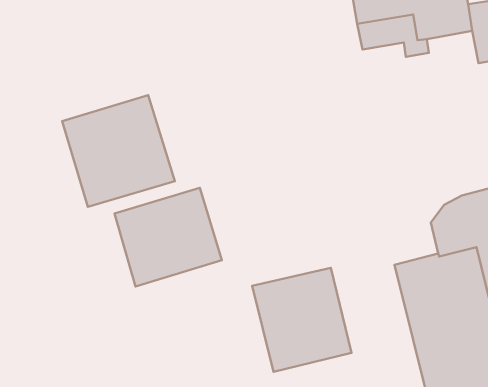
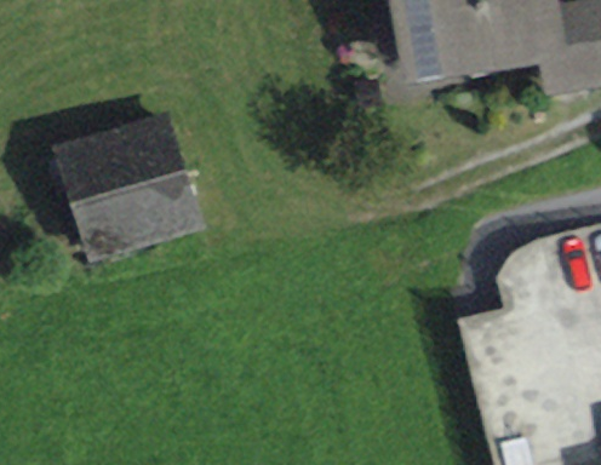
building: [115,188,222,286] -> none
building: [252,268,352,372] -> none

